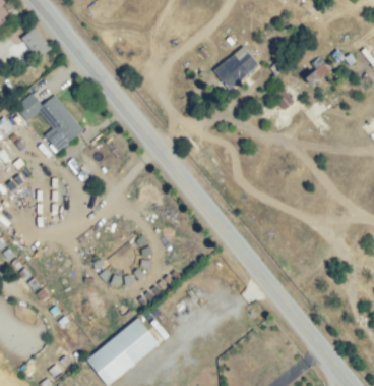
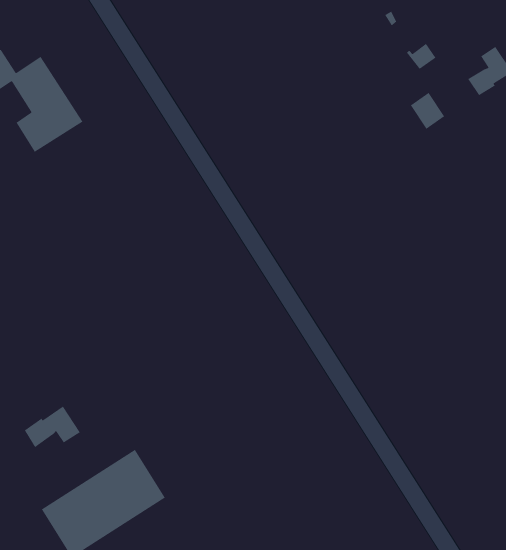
building: [213,45,259,89] -> none
building: none -> [24,405,81,448]

